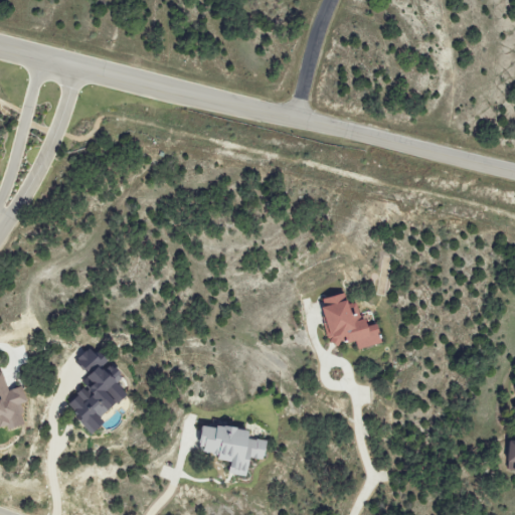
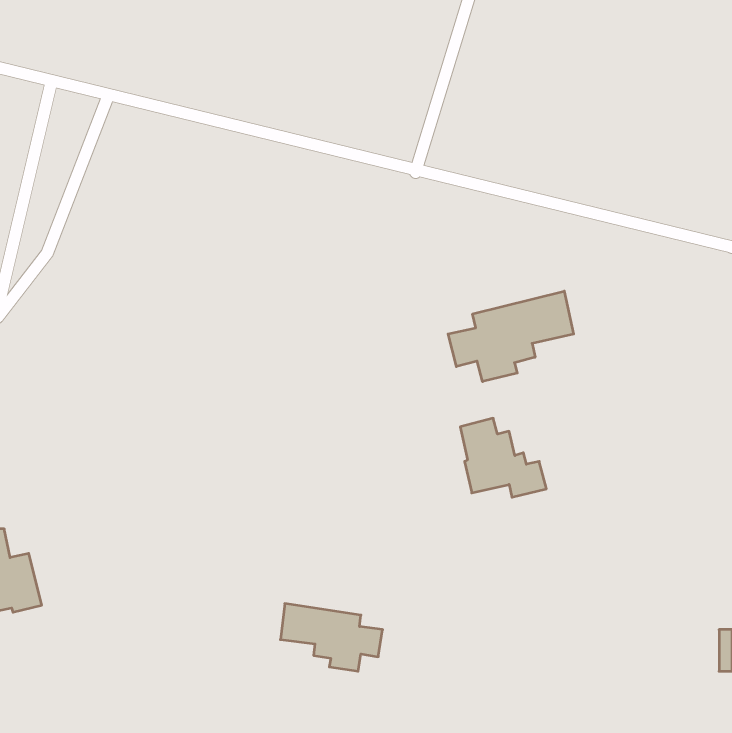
building: none -> [448,291,574,382]
building: [67,348,129,436] -> none

